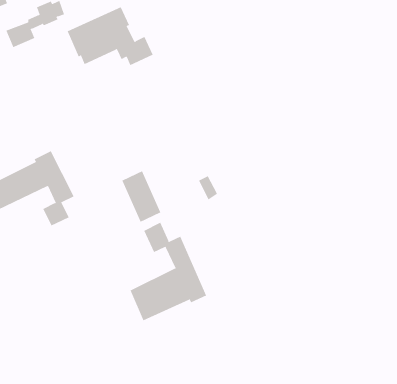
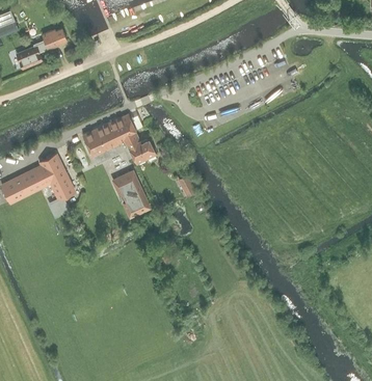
building: [67,7,153,66] -> [83,113,156,163]
building: [130,222,207,321] -> none

